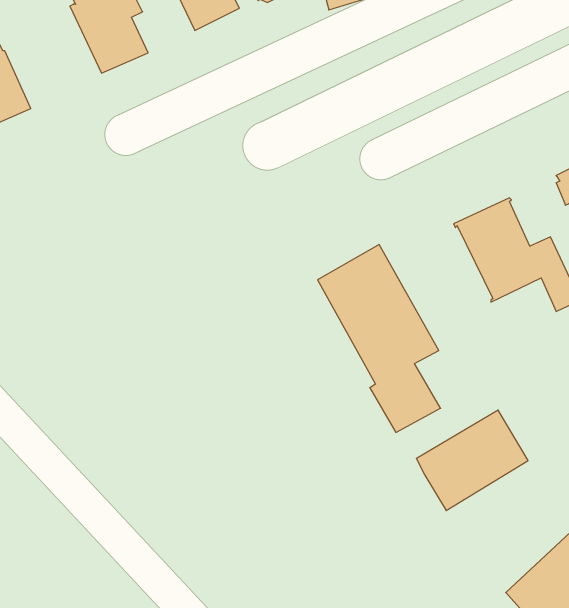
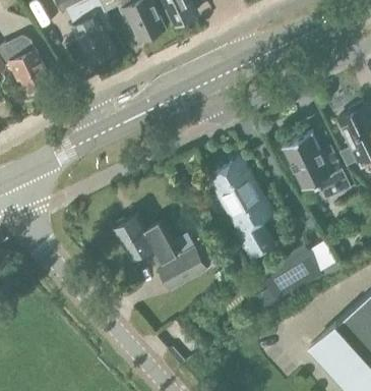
building: none -> [114,214,206,289]

